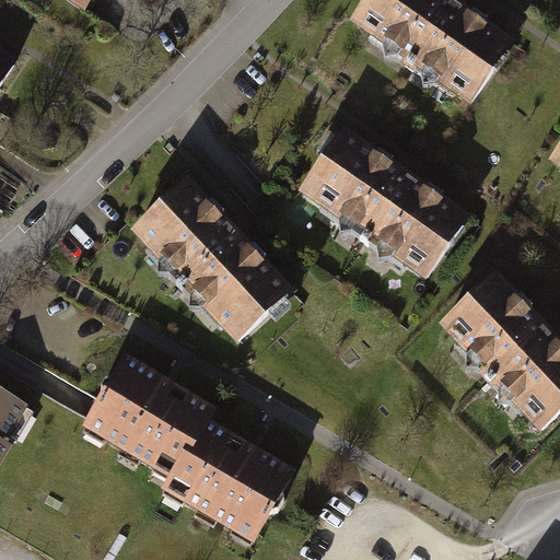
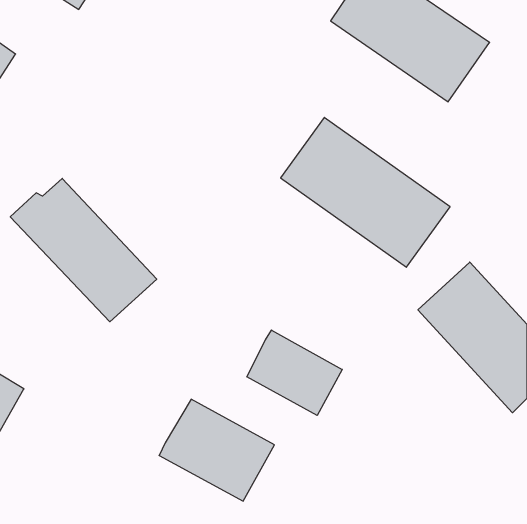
building: [132,183,287,334] -> [10,178,157,322]
building: none -> [247,330,342,415]
building: [88,355,210,466] -> none

